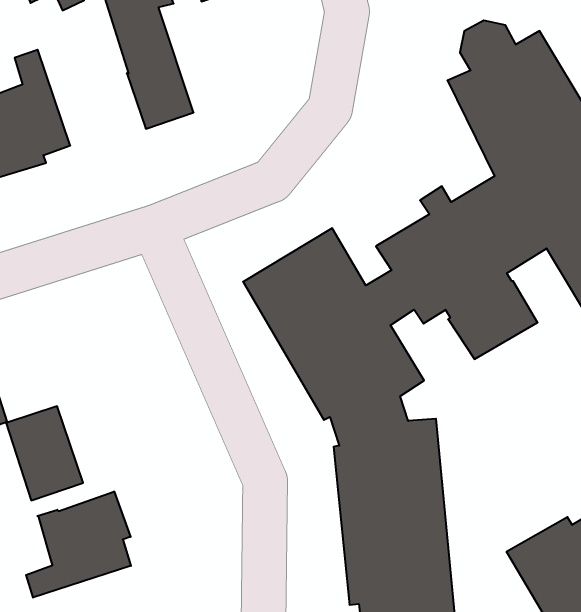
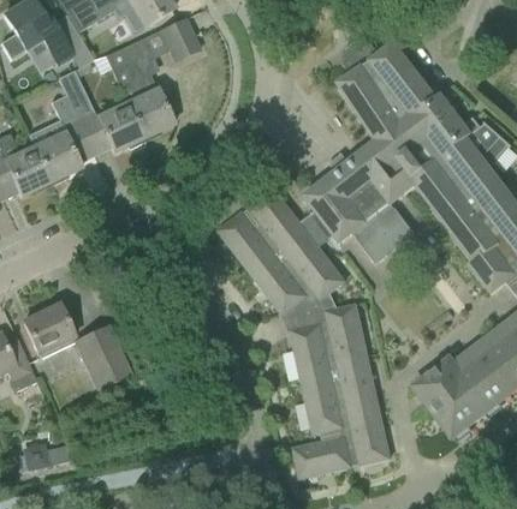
building: none -> [58,70,143,155]
building: [26,491,131,598] -> none

